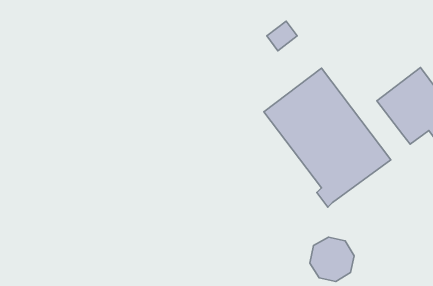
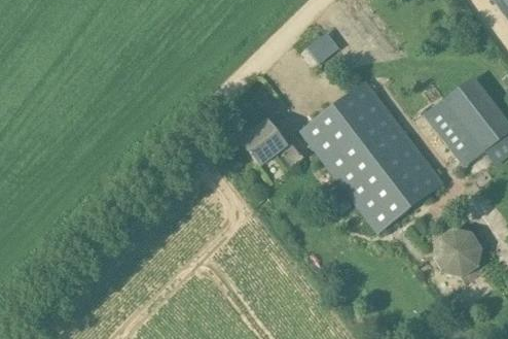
building: none -> [242,120,304,169]
building: [310,237,354,282] -> [433,227,482,276]

